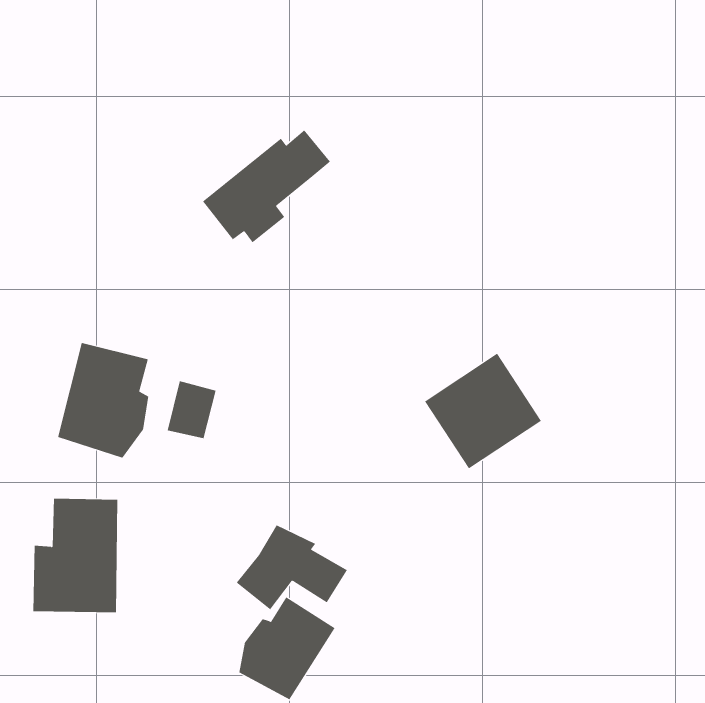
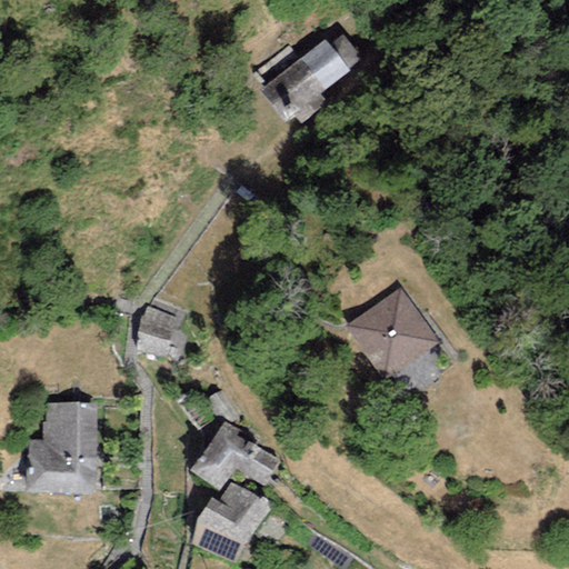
building: [202,130,331,243] -> [261,32,365,123]
building: [58,342,149,459] -> none

